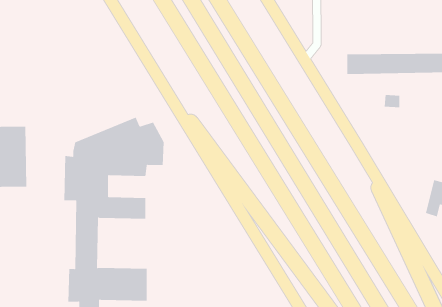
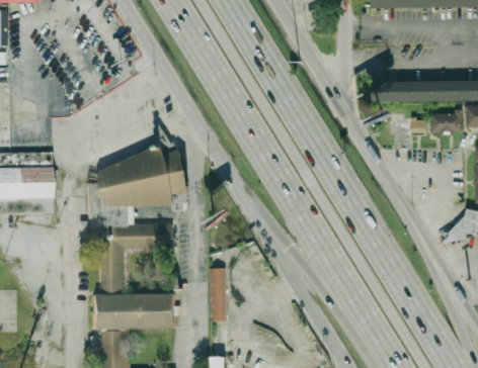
building: none -> [431,113,462,133]
building: none -> [210,267,228,319]

